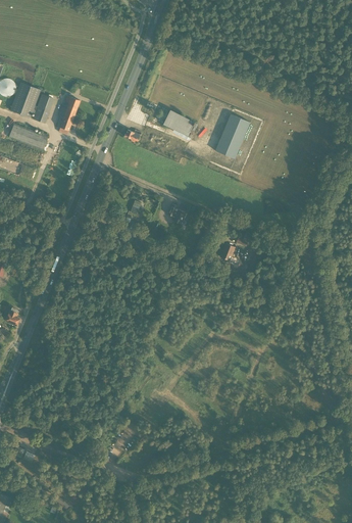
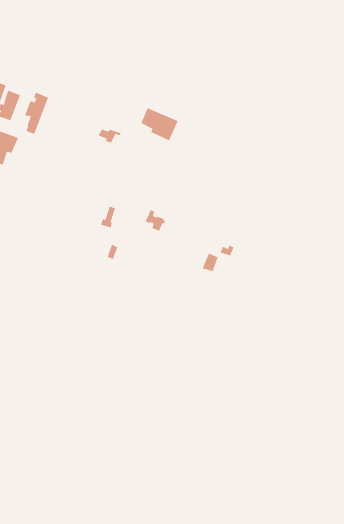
building: [215,113,250,158] -> none

